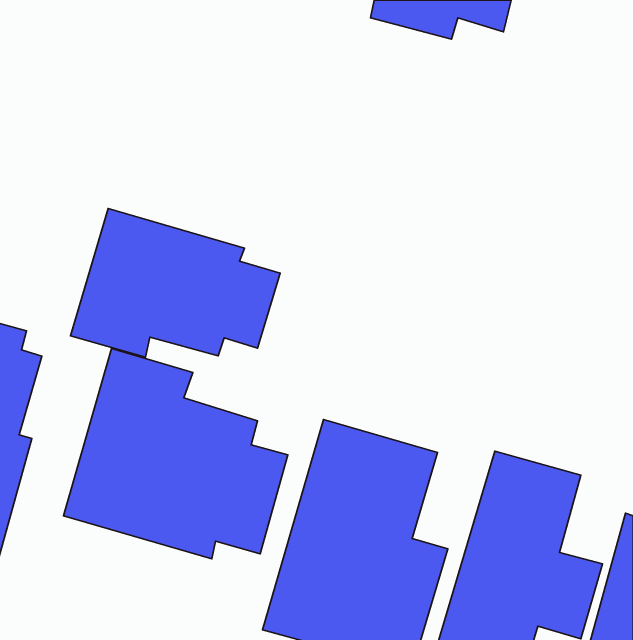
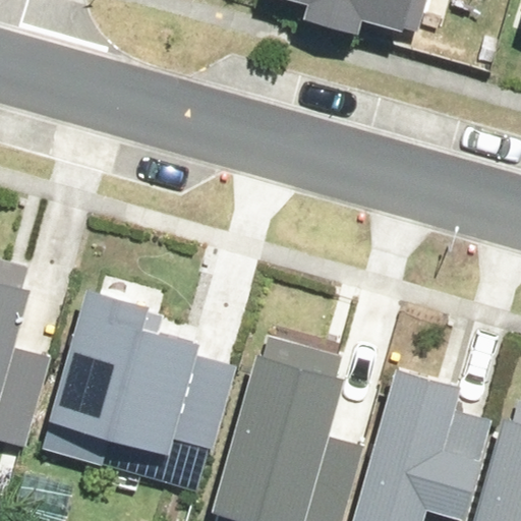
building: [71,209,280,357] -> none

